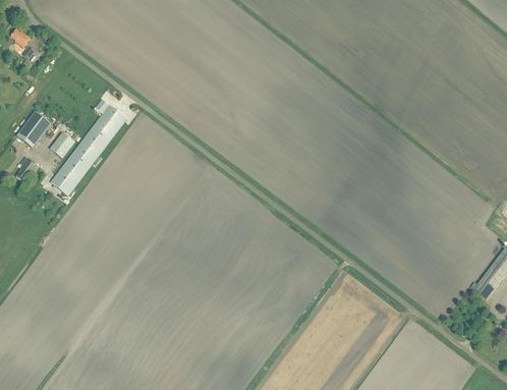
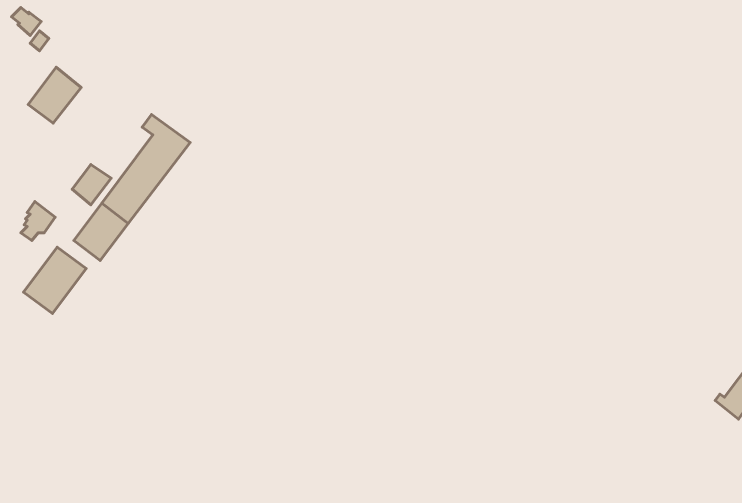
building: [16,110,51,147] -> [28,67,81,123]
building: none -> [23,247,86,313]

